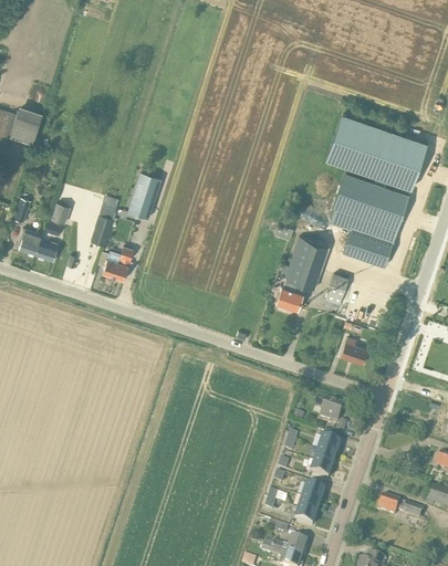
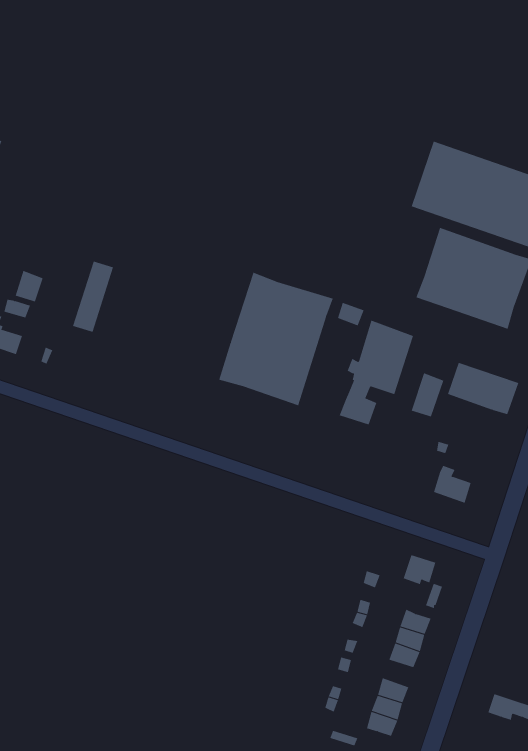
building: [128,171,160,218] -> none
building: none -> [218,272,333,406]
building: [343,229,393,265] -> [447,362,519,415]
building: [98,247,134,280] -> none

